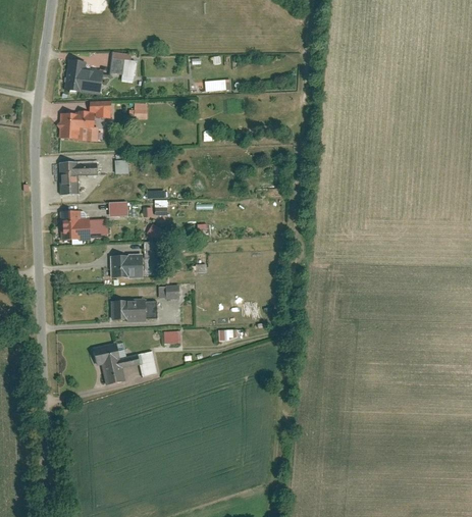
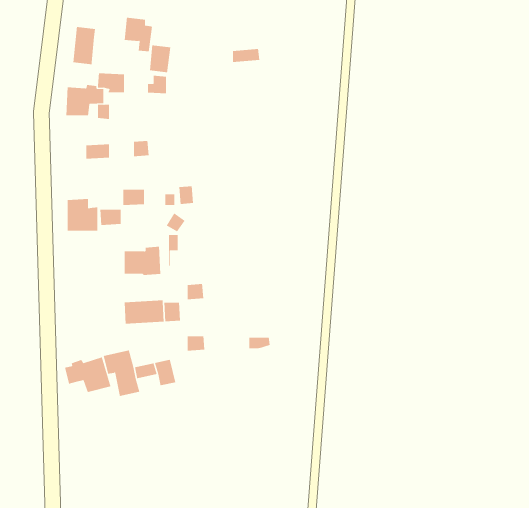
building: [83,68,102,93] -> [149,45,171,73]
building: [59,161,77,193] -> none
building: none -> [65,356,111,393]

